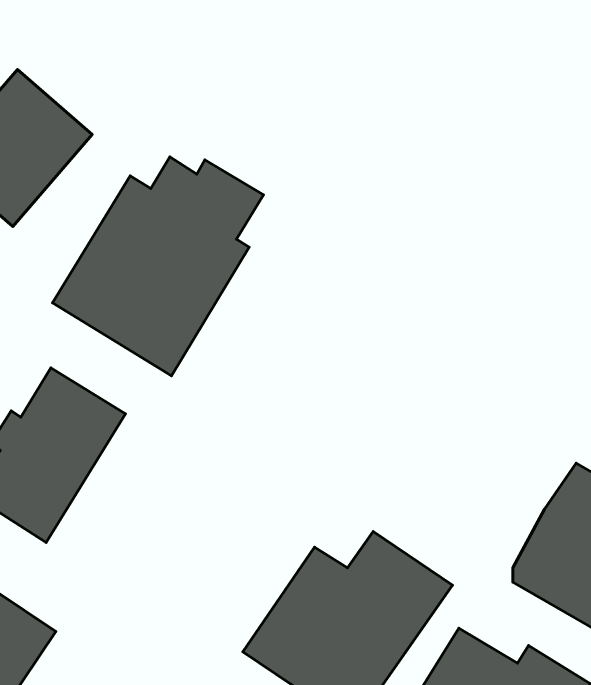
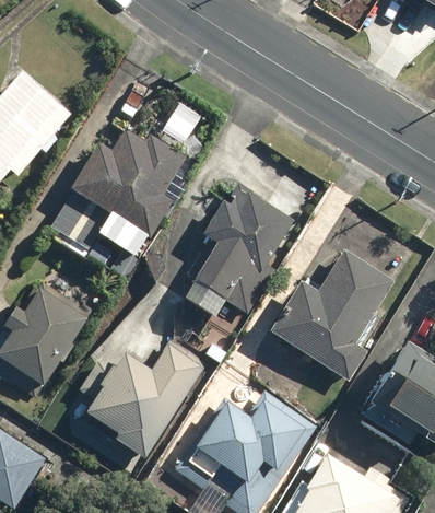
building: none -> [186,183,295,317]
building: none -> [267,248,396,382]
building: none -> [80,338,211,462]

